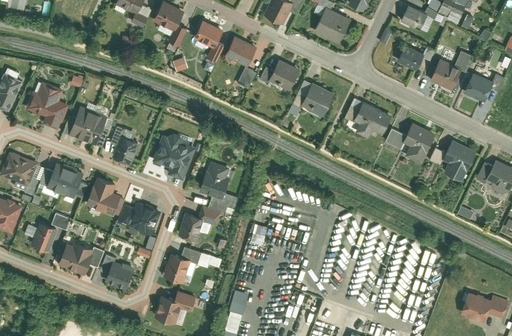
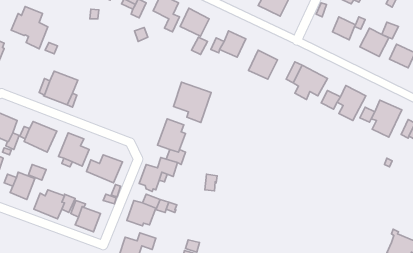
building: [25,82,67,130] -> [11,7,48,49]
building: [110,125,137,164] -> none
building: [152,133,195,179] -> [174,82,211,122]

